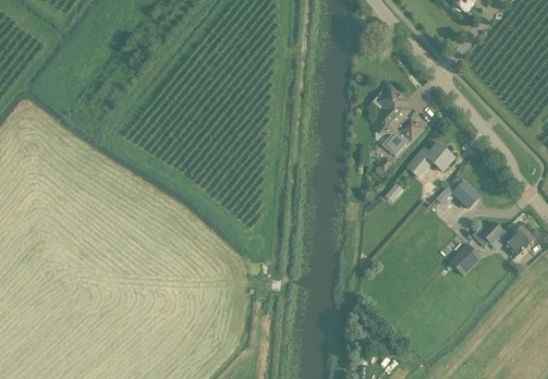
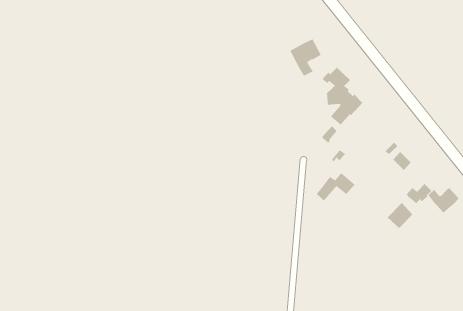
building: none -> [289,38,322,77]
building: [406,142,452,175] -> [316,172,355,201]

